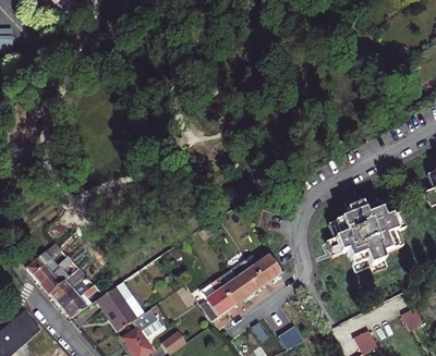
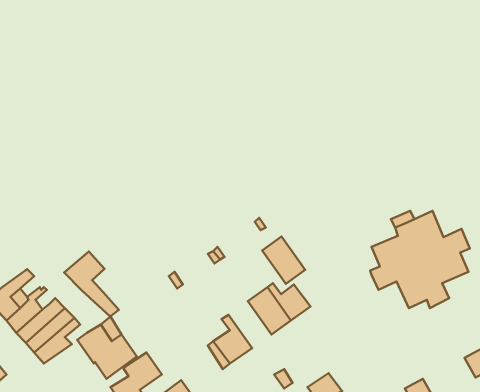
building: none -> [64,251,119,317]
building: [215,269,249,306] -> [262,237,305,284]

